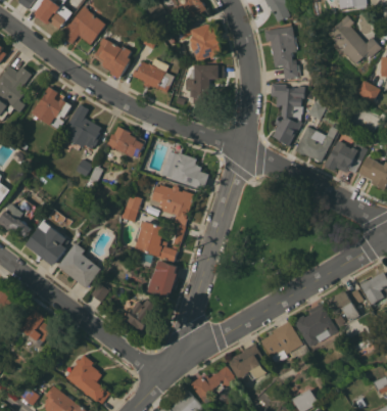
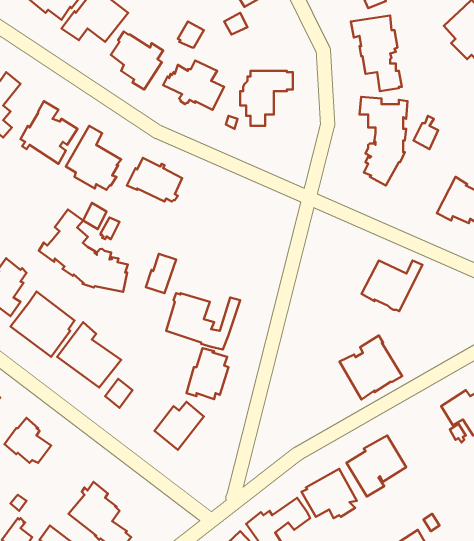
building: [190,22,223,61] -> none
building: [294,127,337,163] -> [361,260,423,311]
building: [161,151,209,190] -> none
building: none -> [39,209,128,292]
building: [149,185,194,226] -> none
building: [293,303,337,348] -> [340,335,402,399]

